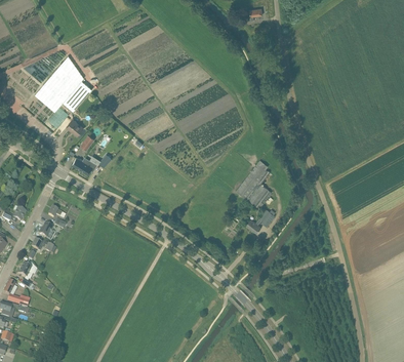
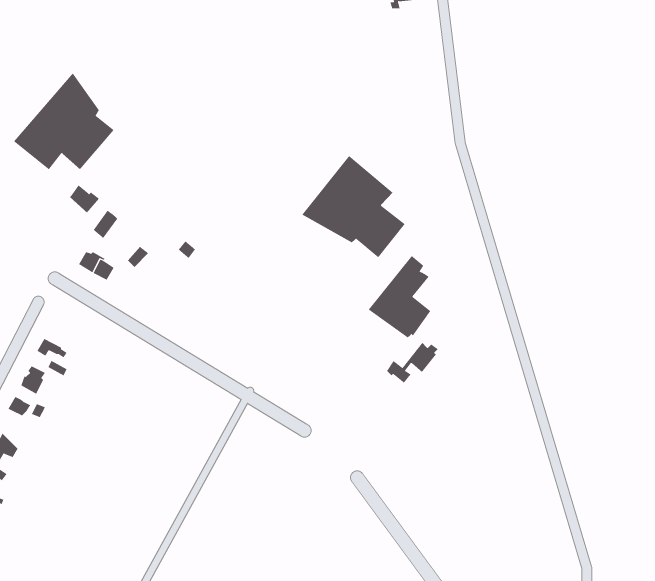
building: none -> [302,155,406,258]

